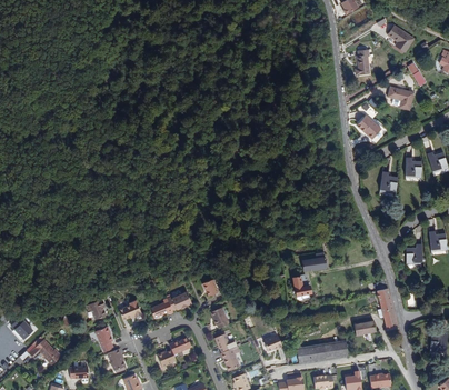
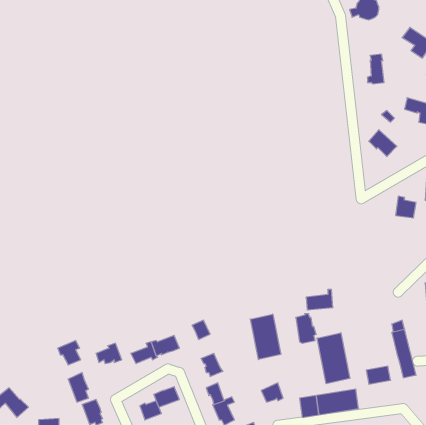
building: none -> [250,314,281,360]
building: none -> [317,333,350,384]

